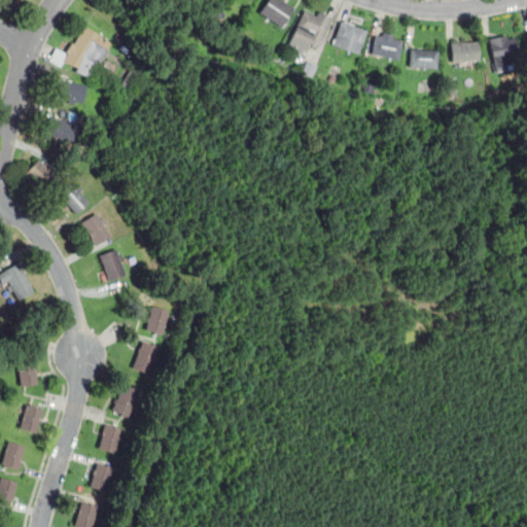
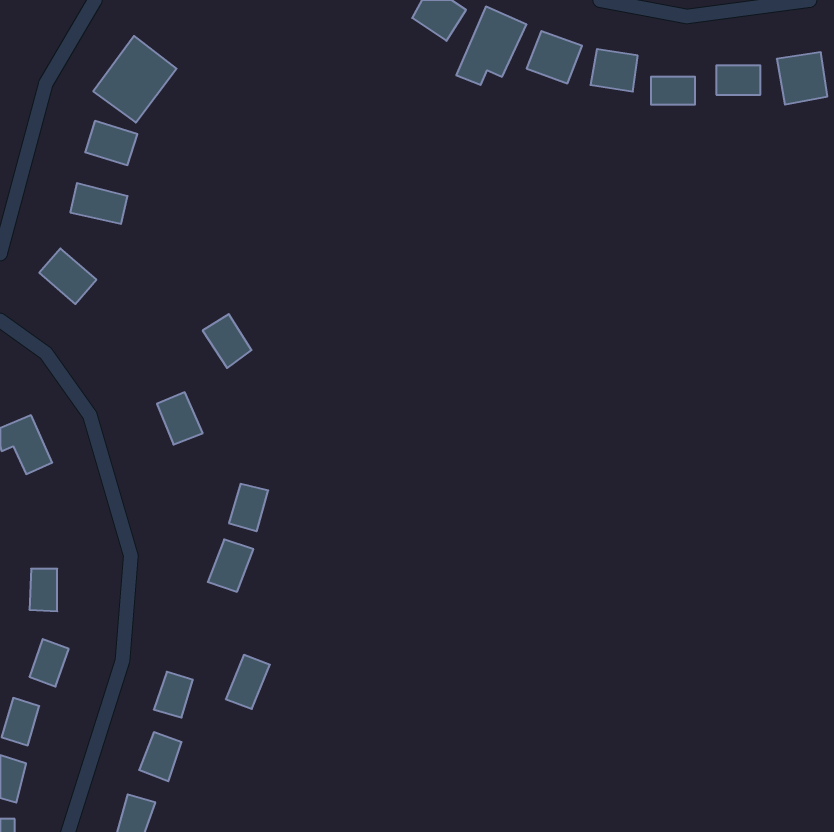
building: [60,182,92,215] -> none
building: [81,213,112,247] -> [203,314,252,368]
building: [112,385,140,419] -> [226,655,270,709]

